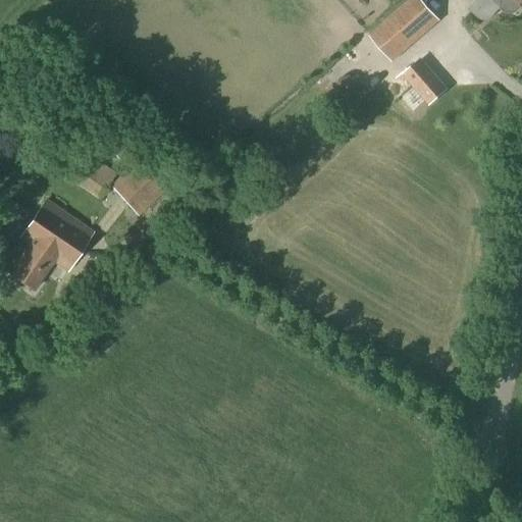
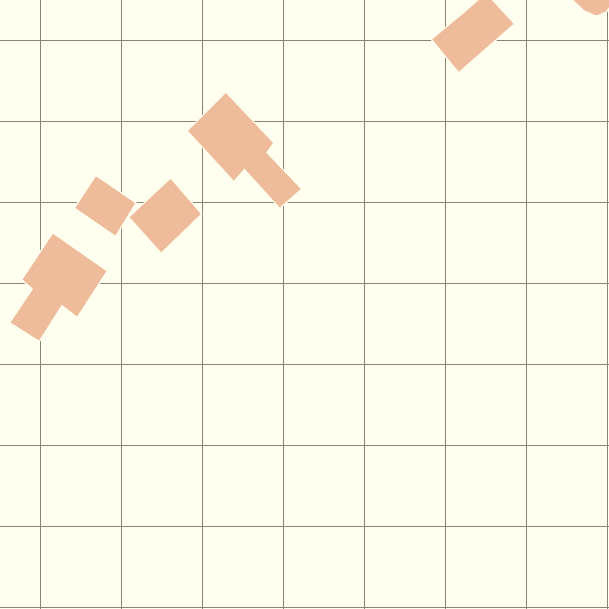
building: [403,56,450,104] -> none
building: none -> [187,92,302,208]

